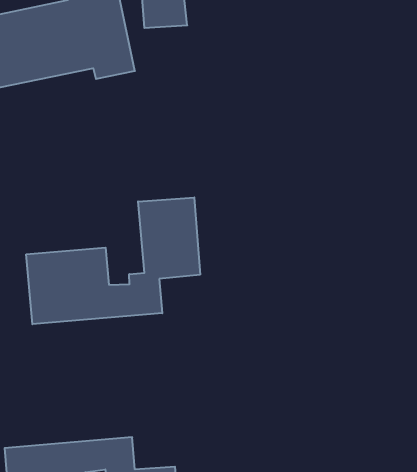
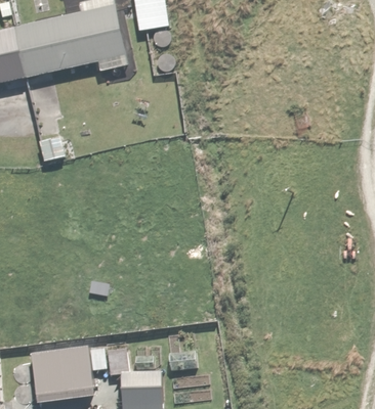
building: [26,197,200,324] -> none

